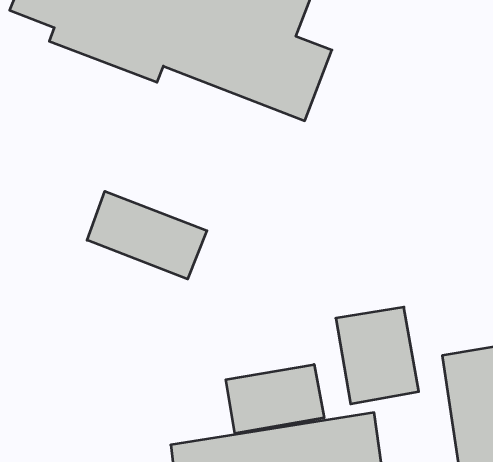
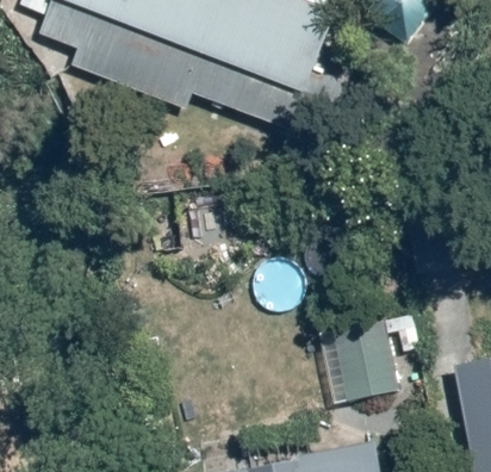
building: [87,191,207,279] -> none
building: [226,364,324,433] -> none

